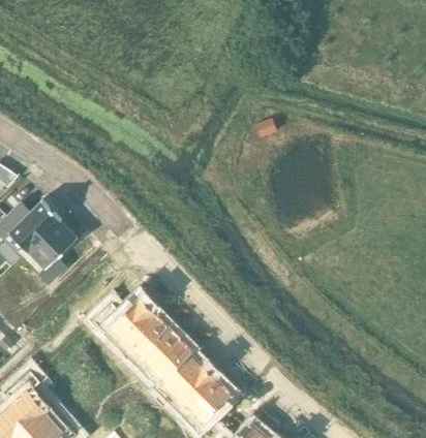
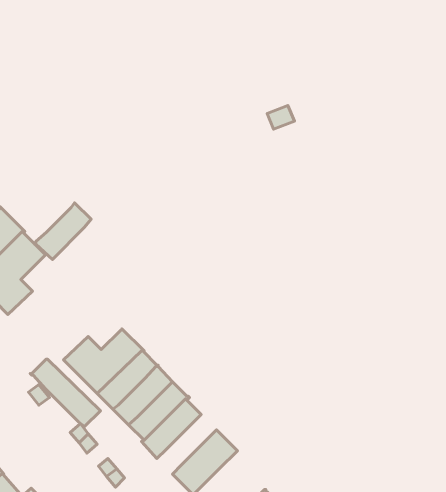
building: none -> [35,203,91,259]
building: none -> [30,359,100,427]
building: [166,363,216,411] -> none

